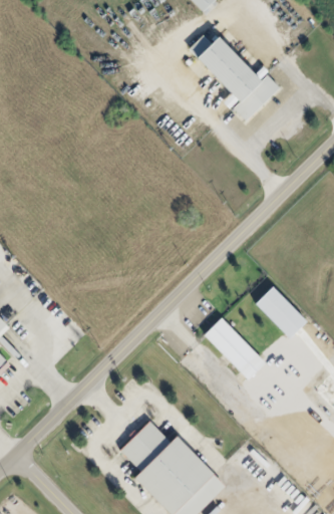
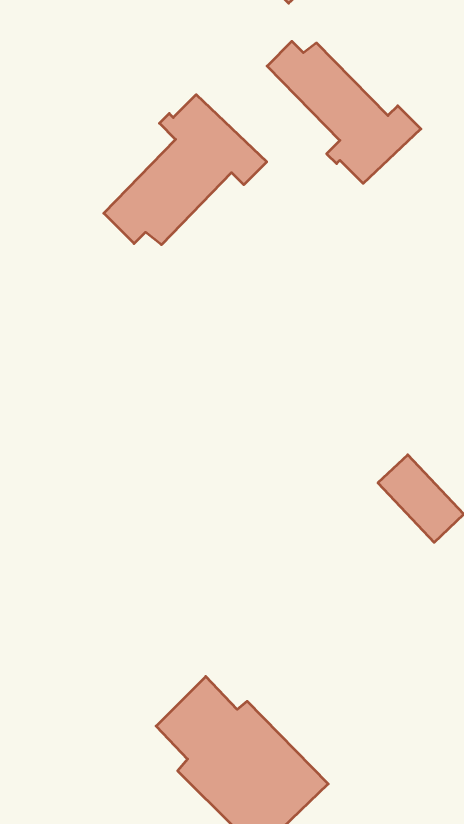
building: none -> [104,95,267,245]
building: [204,317,266,380] -> none

